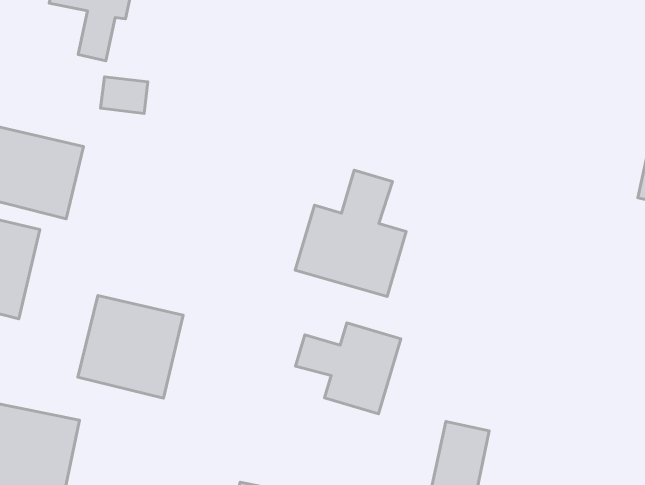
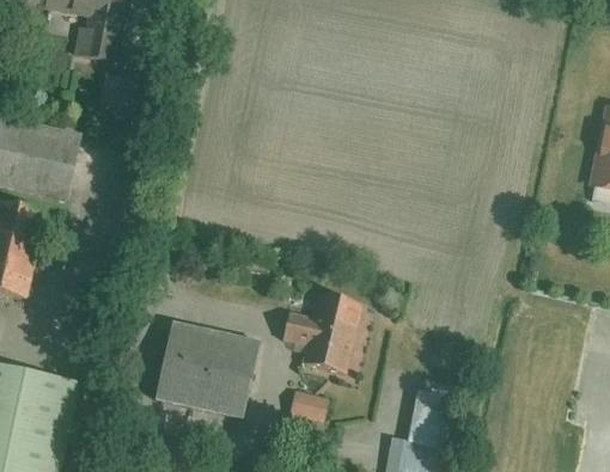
building: [295,170,406,297] -> none
building: [78,295,183,398] -> [165,326,261,419]
building: none -> [288,387,329,425]

